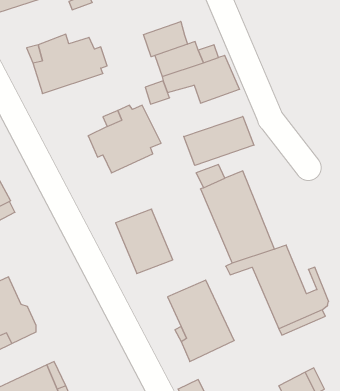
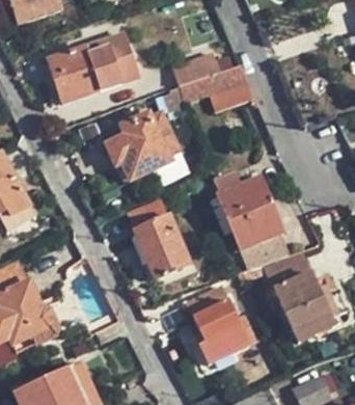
building: [144,21,187,57] -> none
building: [184,116,254,165] -> none
building: none -> [126,192,169,227]

